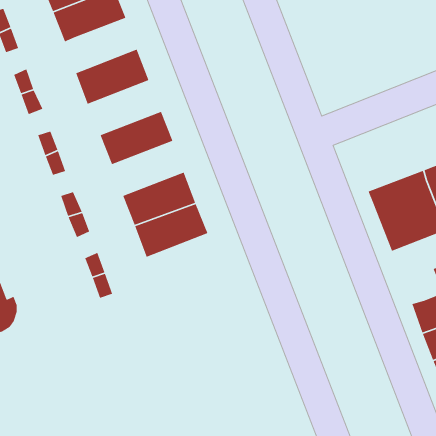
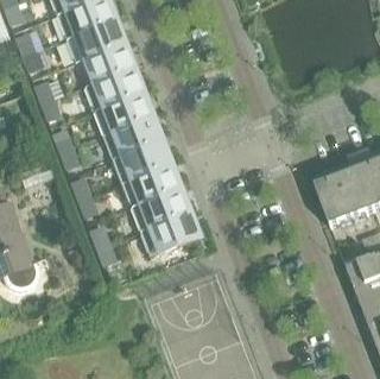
building: none -> [83,43,132,82]
building: none -> [93,91,151,134]
building: none -> [112,139,169,182]
building: none -> [139,211,197,255]

